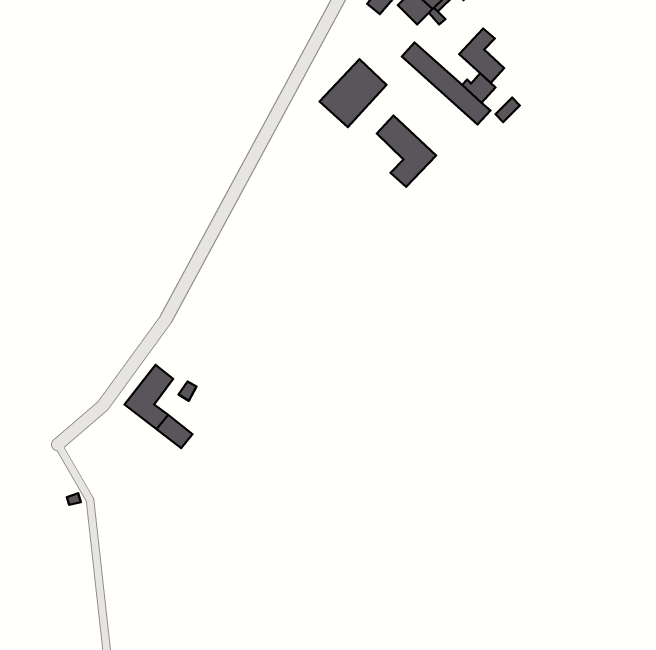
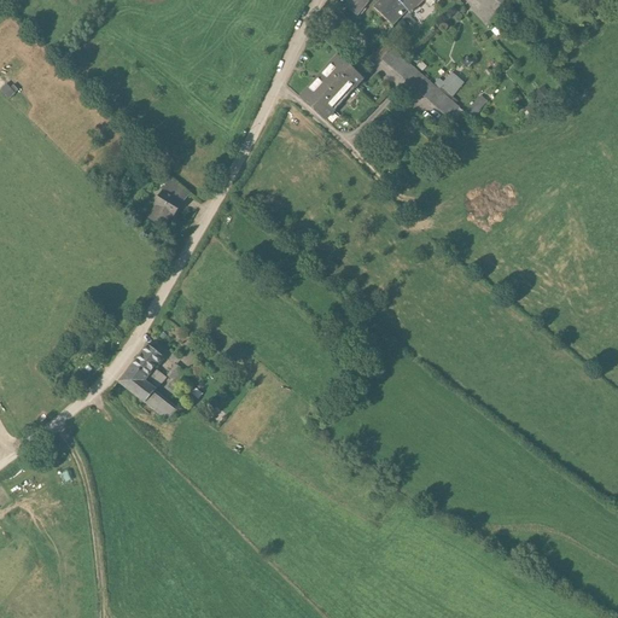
building: [459,29,504,83] -> none
building: [377,115,436,187] -> none
building: none -> [145,176,191,229]

